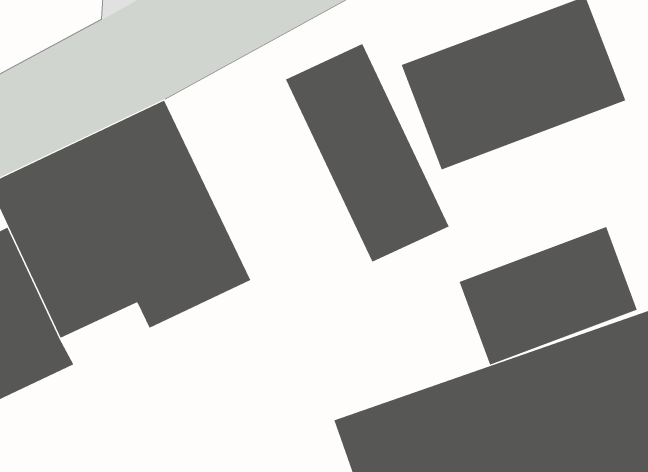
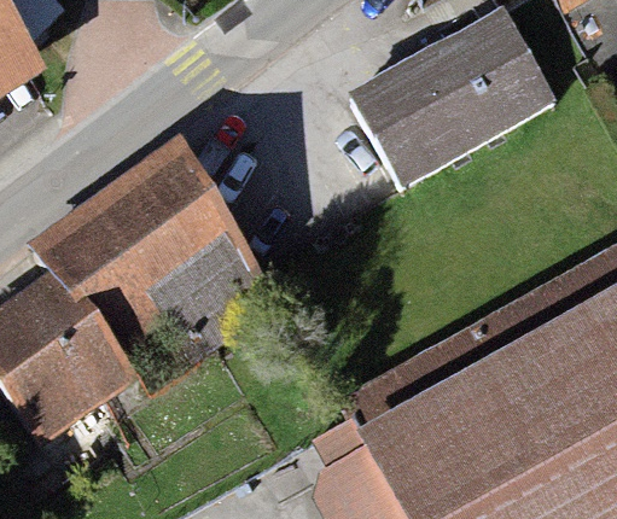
building: [285,43,450,263] -> none
building: [459,226,637,366] -> none

